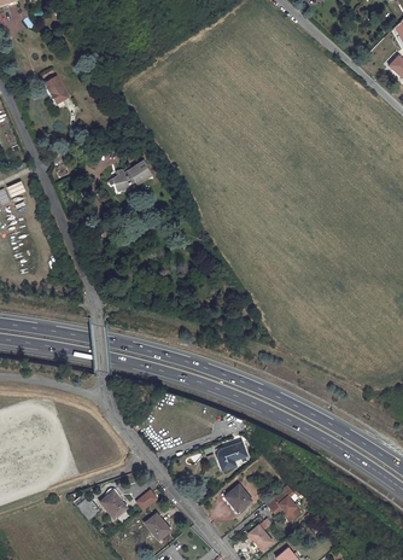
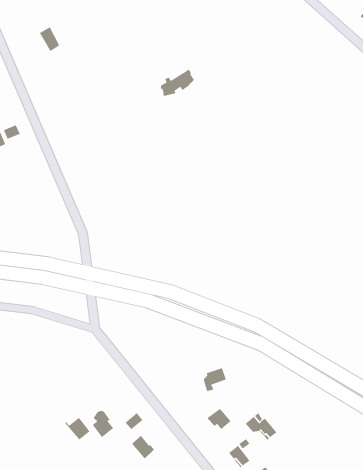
building: [112,161,150,191] -> [160,69,195,97]

